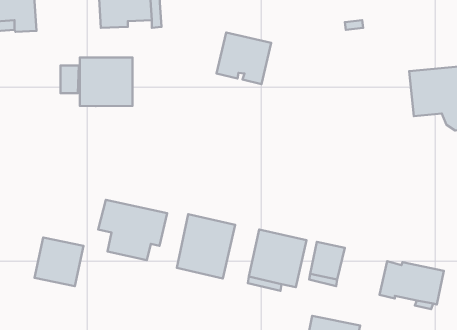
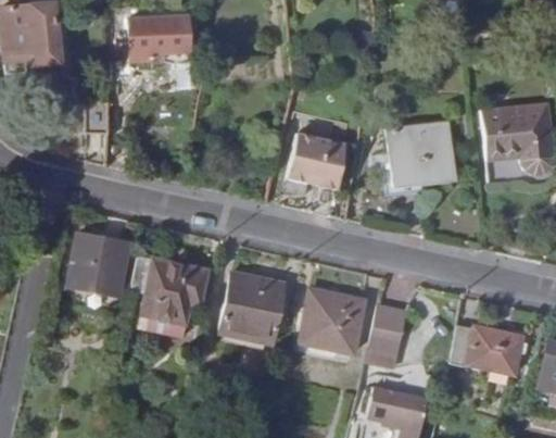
building: [217,32,271,84] -> [288,133,350,191]
building: [80,57,132,106] -> none
building: none -> [389,123,457,187]
building: [35,237,84,286] -> [71,237,126,292]

